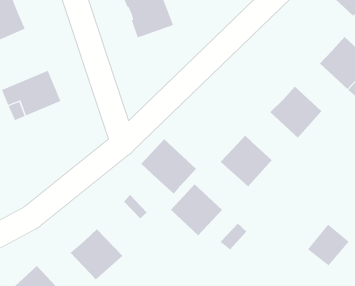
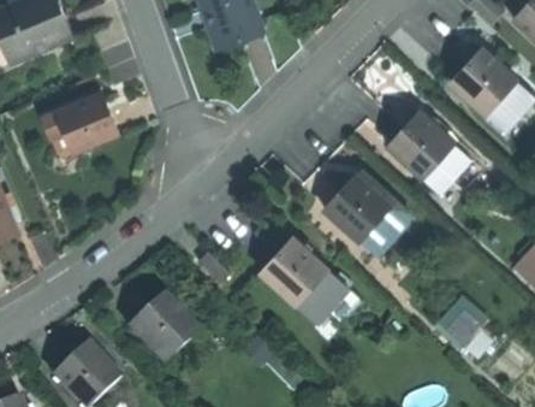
building: none -> [422,143,471,195]
building: none -> [358,177,409,256]
building: [140,138,197,194] -> none
building: none -> [295,270,345,322]

